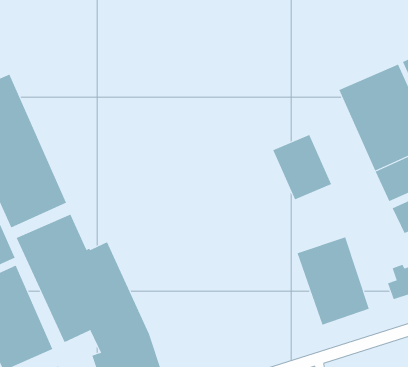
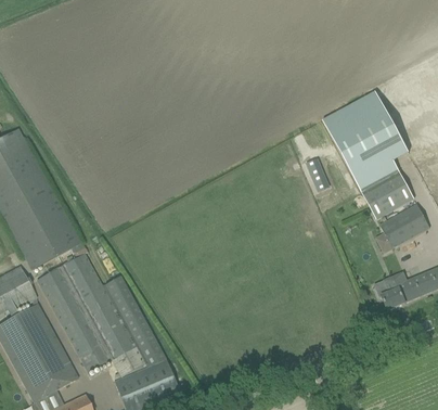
building: [272,134,332,200] -> none
building: [297,236,369,326] -> none

